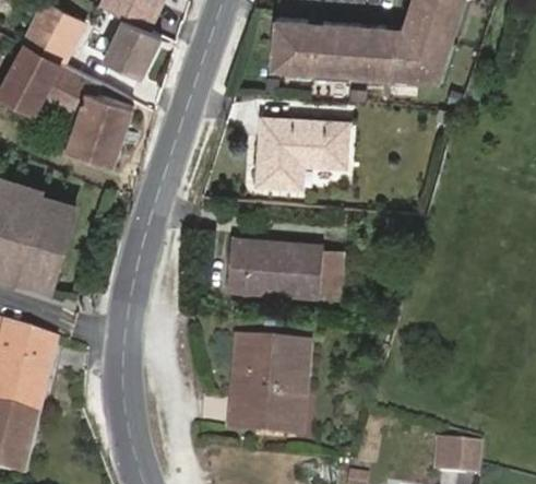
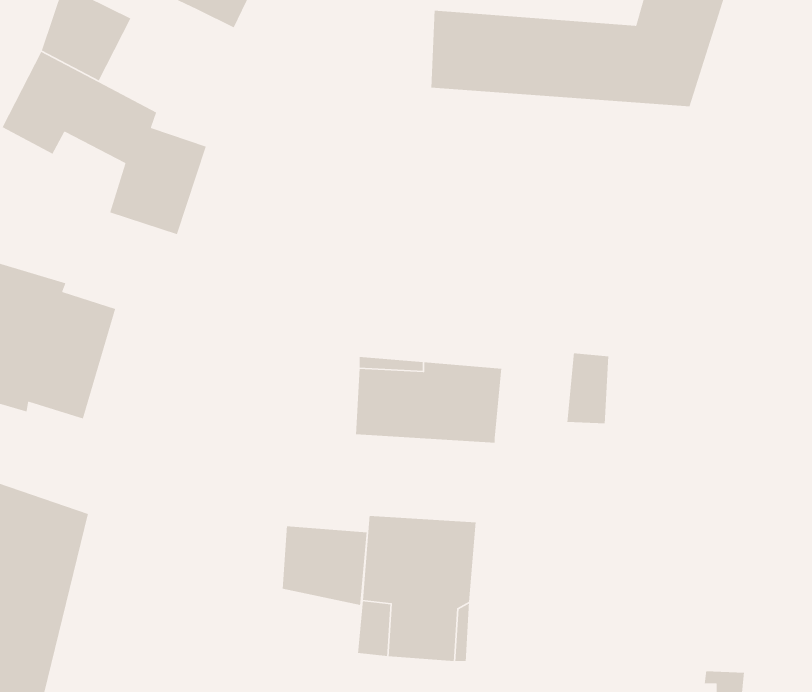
building: [105,17,163,76] -> none
building: [258,119,345,186] -> none
building: [317,247,344,293] -> [566,352,609,424]
building: none -> [282,525,368,606]

